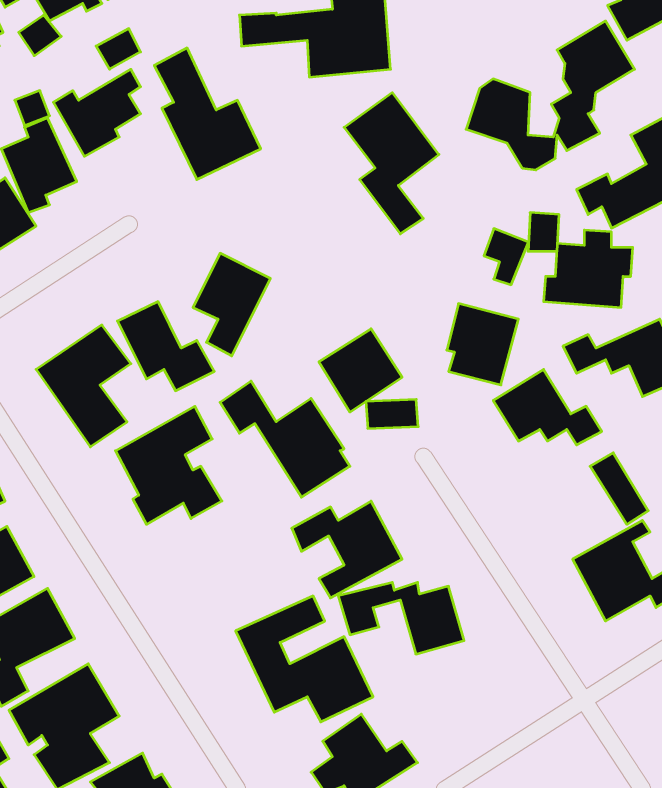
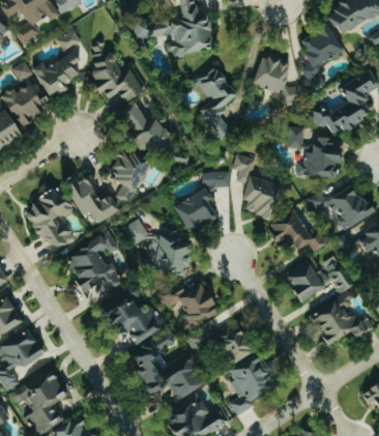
building: none -> [120,104,172,156]
building: [484,229,529,285] -> [231,153,255,183]
building: [366,399,418,428] -> [201,172,229,187]
building: none -> [285,261,325,302]
building: none -> [104,289,162,345]
building: none -> [229,353,278,416]

